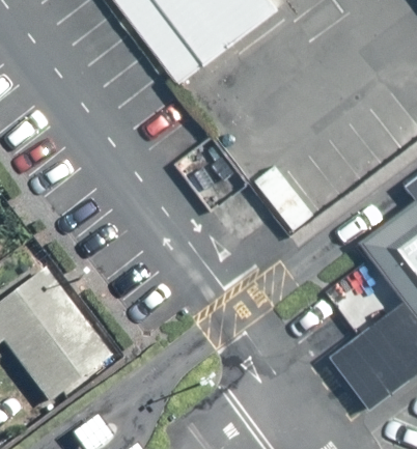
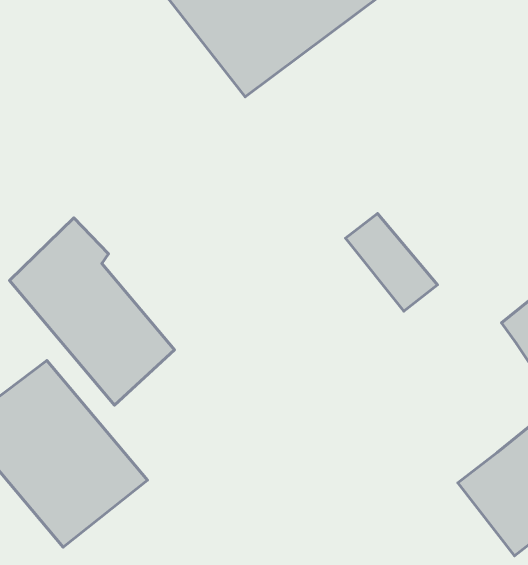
building: none -> [10,218,175,405]

